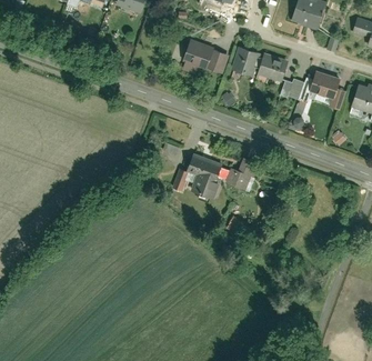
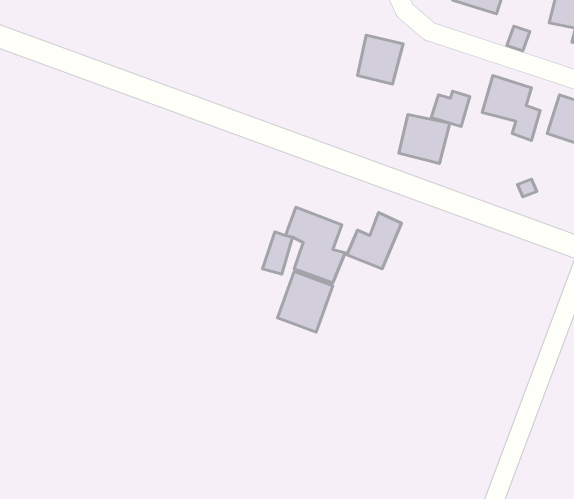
building: [179,39,228,76] -> none
building: [257,51,289,82] -> [399,114,450,164]
building: none -> [277,271,333,332]

